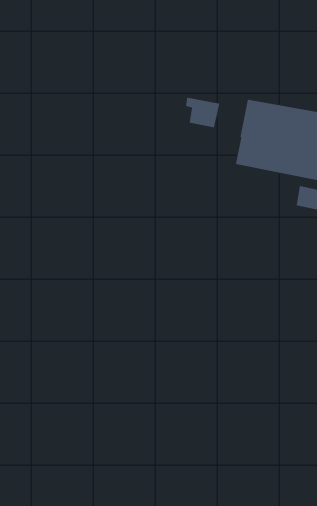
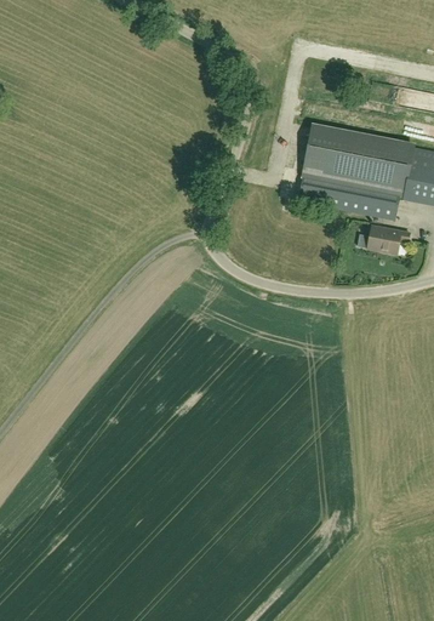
building: [185,97,220,128] -> none

